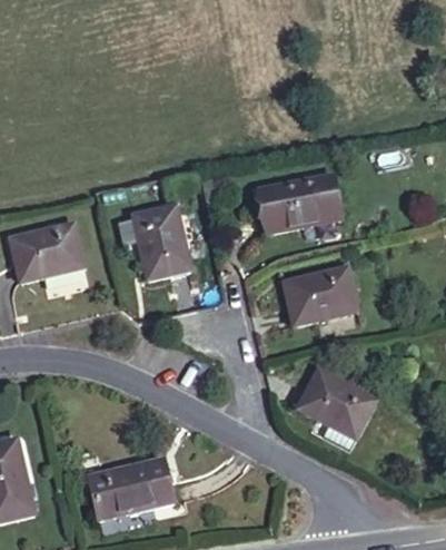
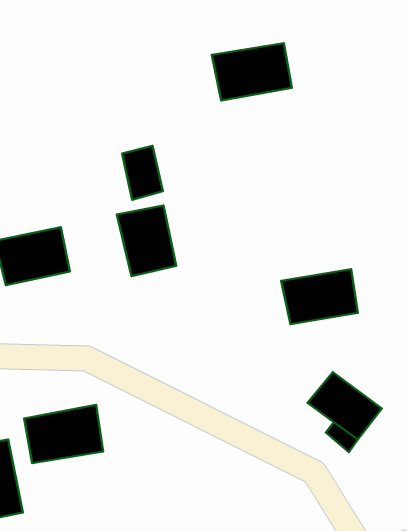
building: none -> [122,146,163,200]
building: [248,177,326,233] -> [212,43,292,100]
building: [102,455,179,512] -> [24,405,103,463]

